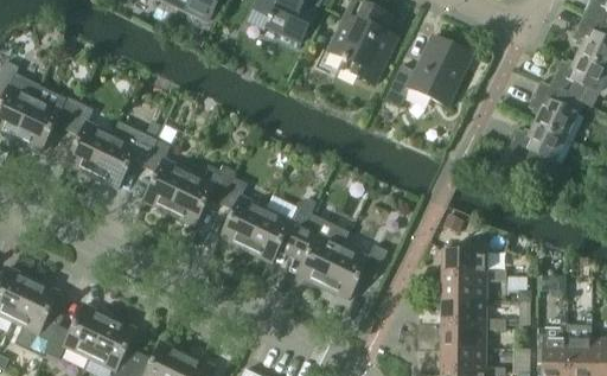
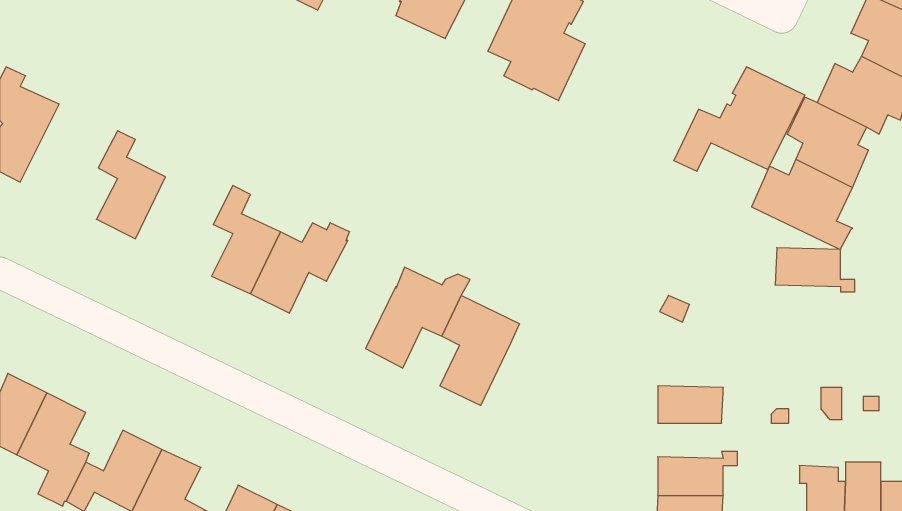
building: [384,36,472,106] -> [674,67,805,171]
building: [15,85,81,151] -> none
building: [92,122,158,187] -> none
building: [221,177,267,249] -> none
building: [324,244,386,299] -> none
building: [442,249,496,279] -> [775,248,855,292]
building: [442,299,486,323] -> none

